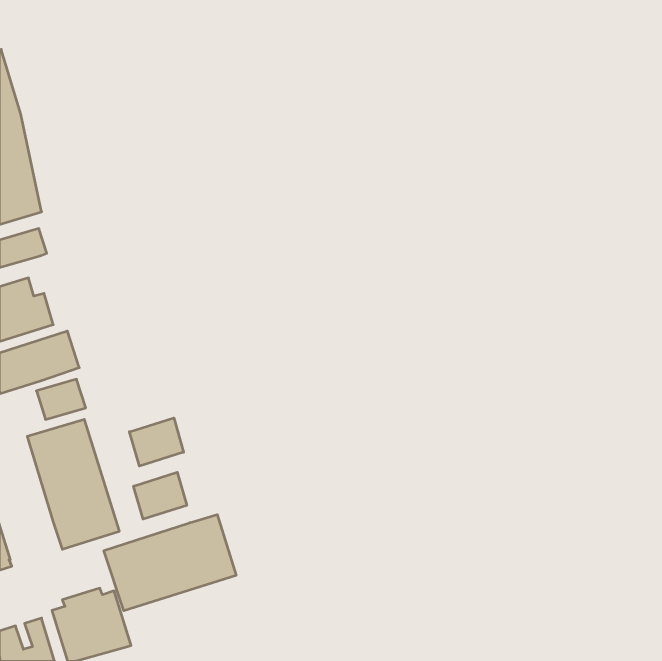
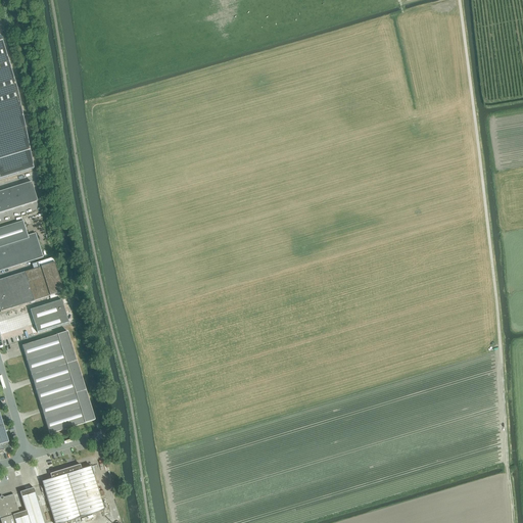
building: [129,418,184,466] -> none
building: [134,472,187,519] -> none
building: [104,515,236,611] -> none

